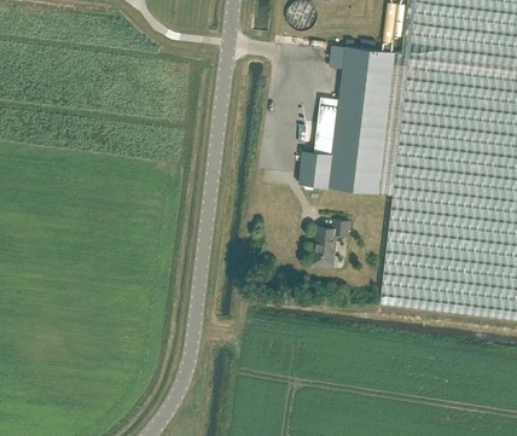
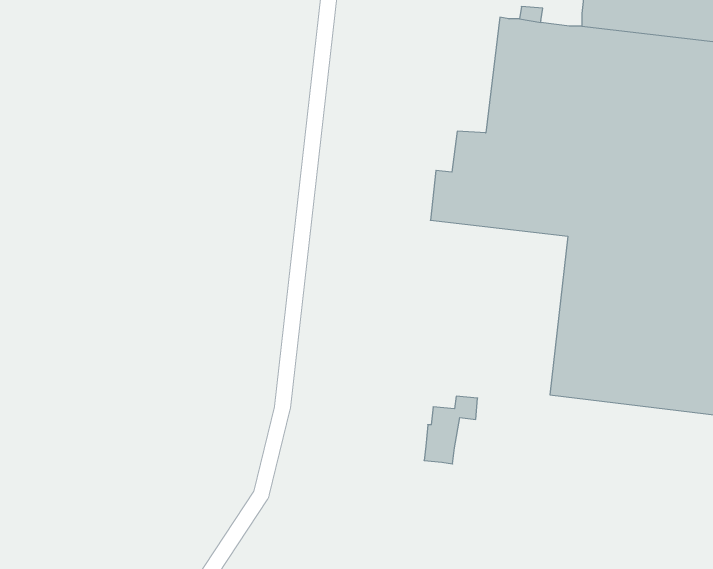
building: [313,220,349,266] -> [424,396,478,464]

